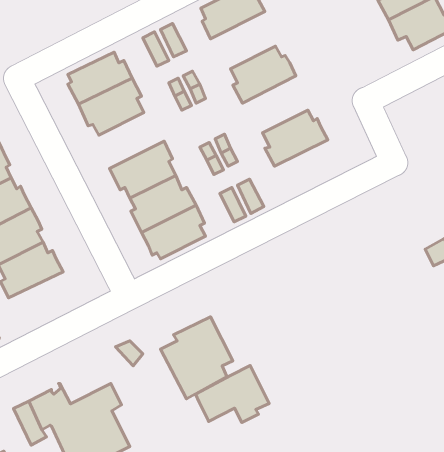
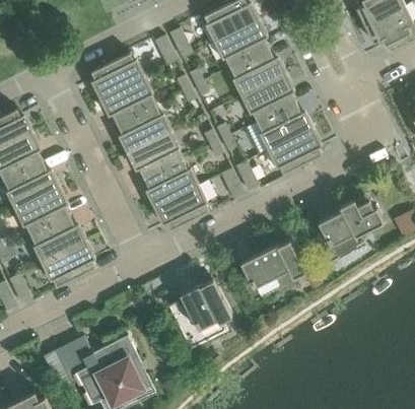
building: none -> [212,18,268,67]
building: none -> [239,73,295,122]
building: none -> [117,105,172,152]
building: none -> [267,128,322,174]
building: none -> [318,194,383,260]
building: none -> [40,241,95,286]
building: [195,365,269,423] -> [241,240,304,288]

